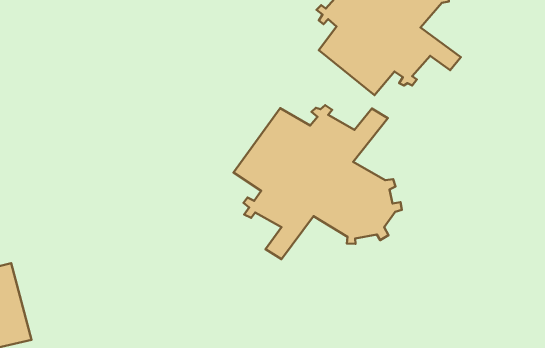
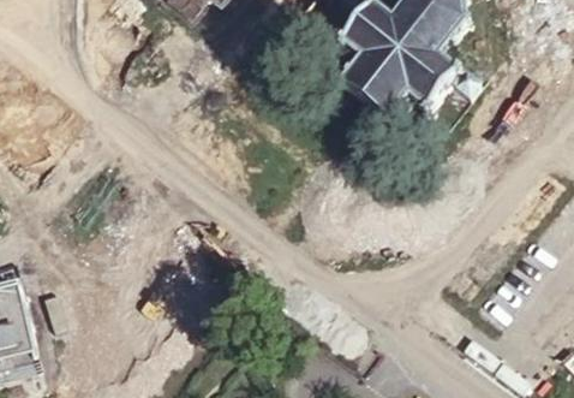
building: [234,105,402,259] -> none

